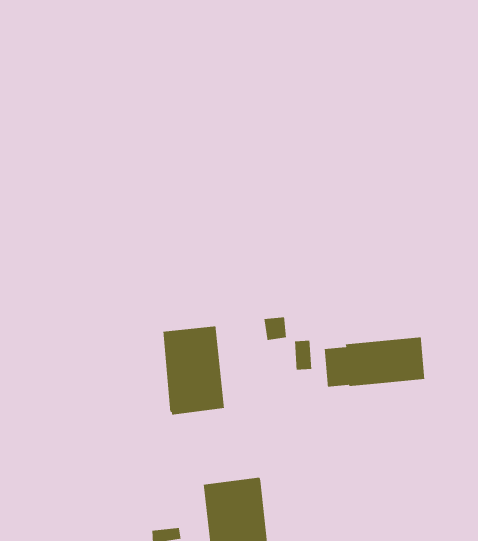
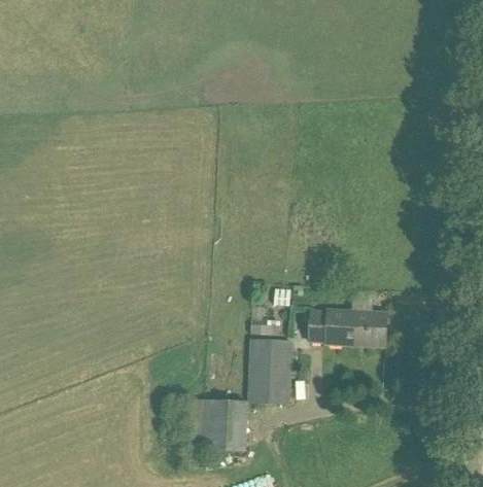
building: [163,326,225,415] -> [246,338,291,404]

